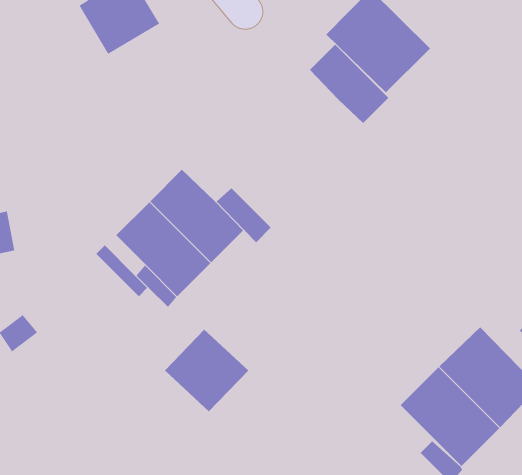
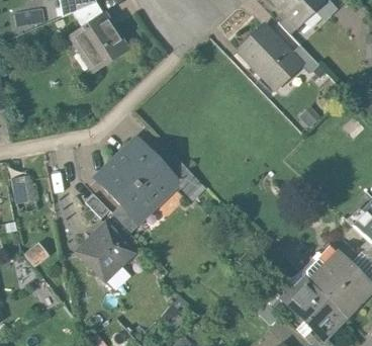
building: [309,44,389,124] -> none
building: [164,329,249,412] -> [76,222,131,276]

